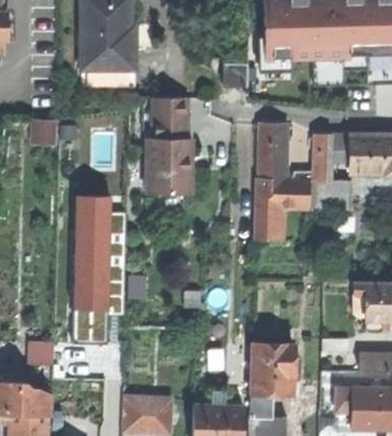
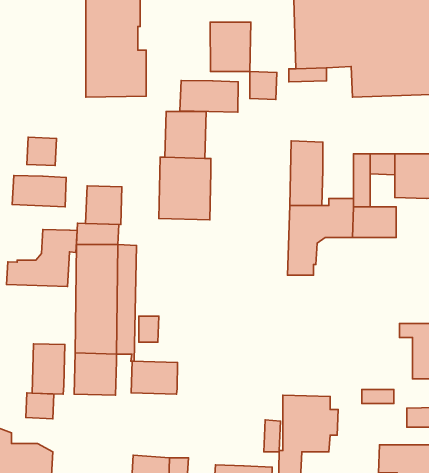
building: none -> [210,22,251,71]
building: none -> [180,81,238,112]
building: none -> [12,175,66,207]
building: none -> [85,186,122,225]
building: none -> [6,229,77,286]
building: none -> [32,344,65,394]
building: none -> [131,361,178,394]

